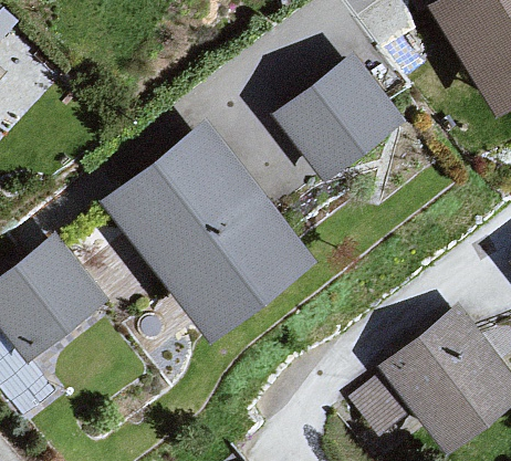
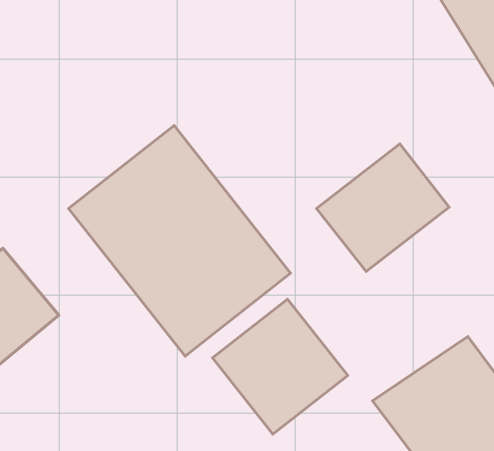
building: [278,59,396,172] -> [317,144,449,272]
building: none -> [212,299,348,434]

